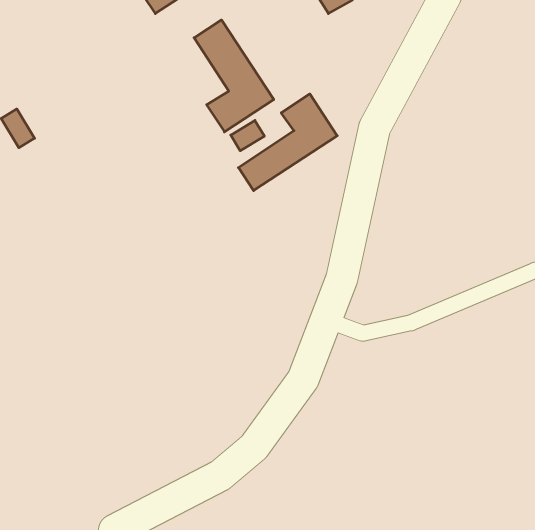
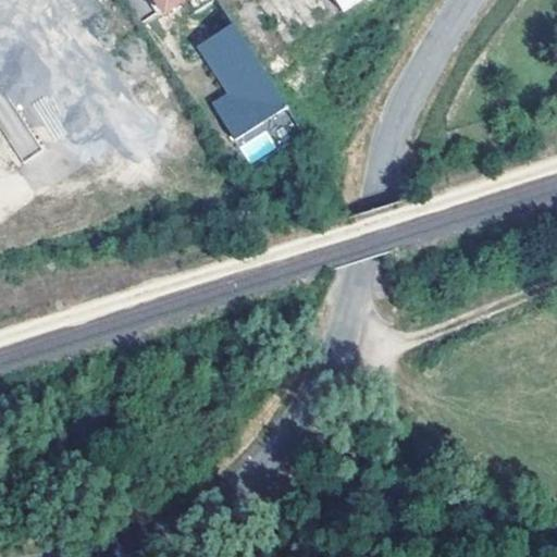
building: [238,94,337,191] -> none

